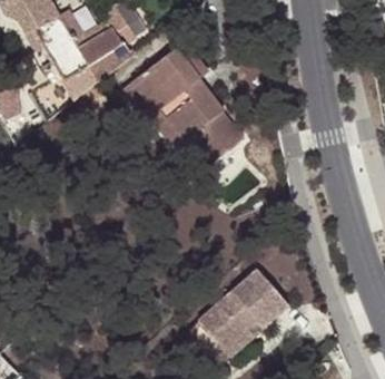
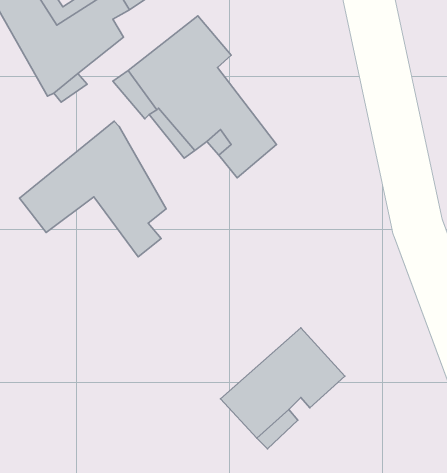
building: none -> [20,121,166,257]

